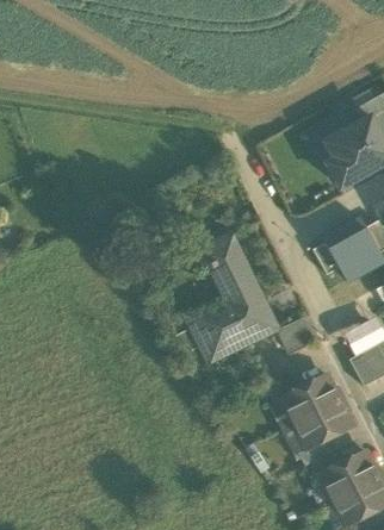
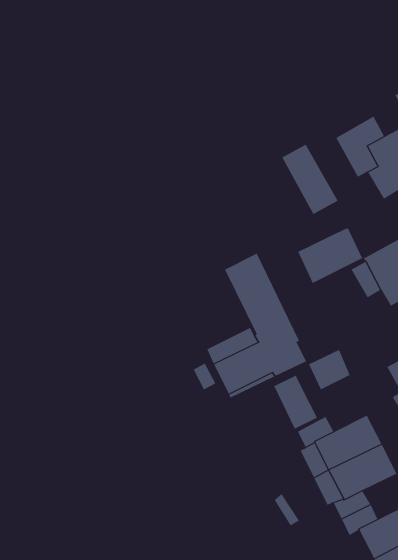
building: none -> [281,144,338,215]
building: none -> [297,227,363,284]
building: none -> [273,375,317,429]

